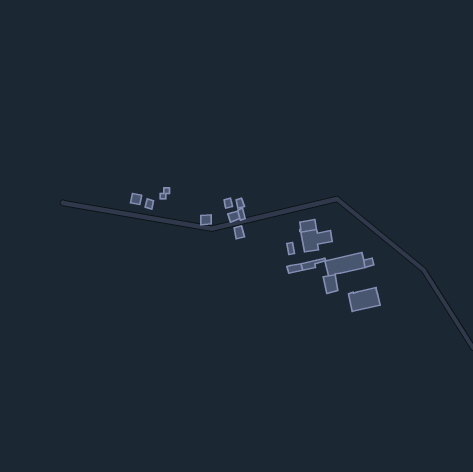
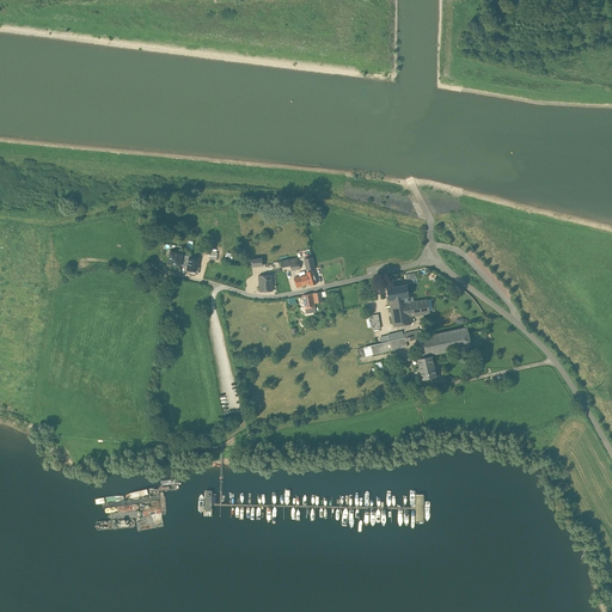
building: [348,288,380,312] -> none

